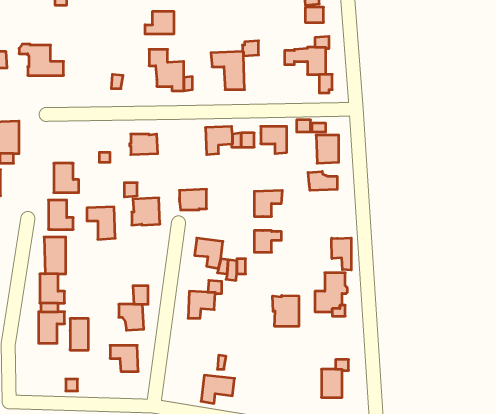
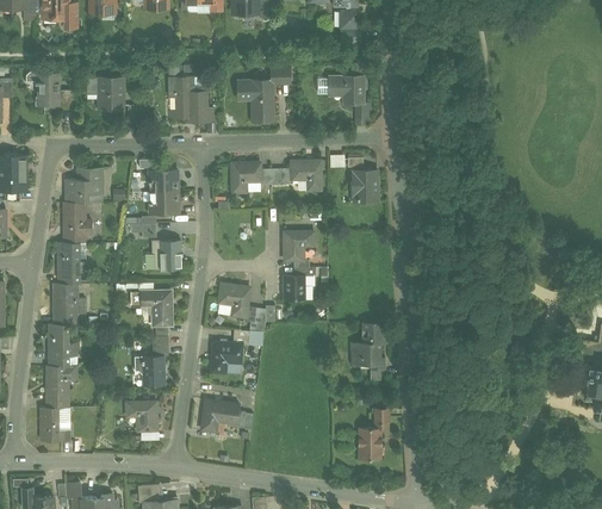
building: [145,11,174,34] -> none
building: none -> [85,75,122,108]
building: none -> [64,166,101,193]
building: [308,171,337,190] -> none
building: [179,189,207,210] -> [148,191,178,213]
building: [87,207,115,239] -> [139,290,170,325]
building: [332,238,351,270] -> none
building: [273,295,299,326] -> none
building: [70,319,88,350] -> [41,406,61,441]
building: [201,375,235,403] -> [201,401,238,432]

